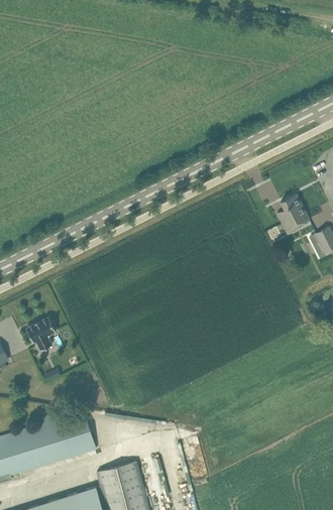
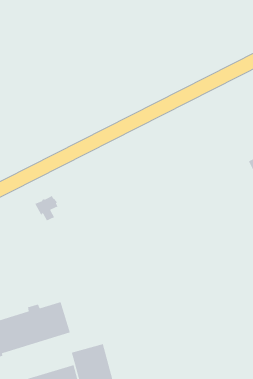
building: [280,195,309,236] -> none
building: [26,317,57,351] -> [34,195,59,221]

